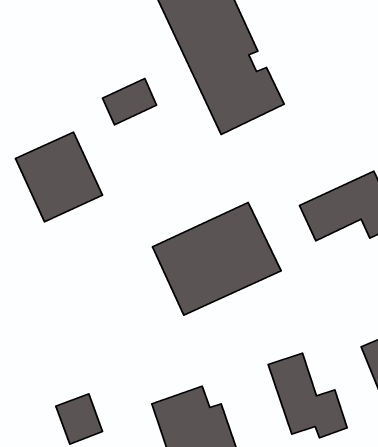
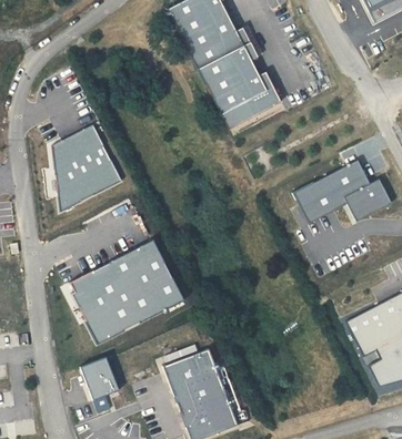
building: [103,78,157,125] -> none
building: [152,203,281,315] -> [68,243,181,341]
building: [268,353,347,438] -> none

